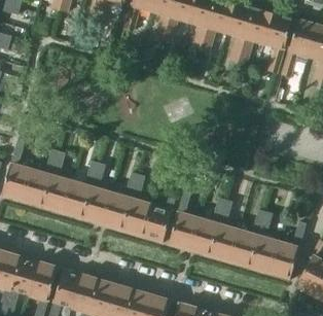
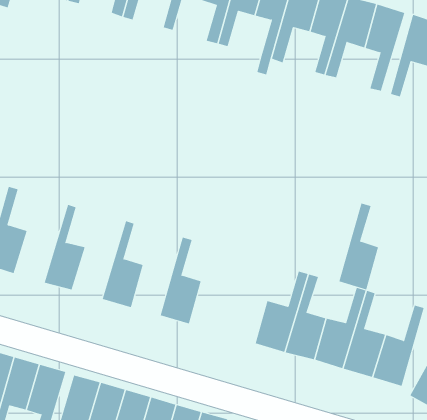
building: [22,149,59,206] -> none
building: [62,161,99,217] -> none
building: [103,172,138,229] -> none
building: [169,187,196,248] -> [339,203,379,290]
building: [143,198,175,241] -> none

